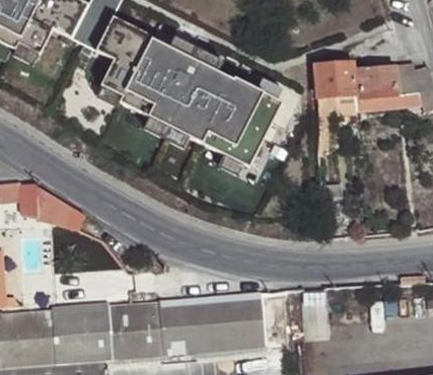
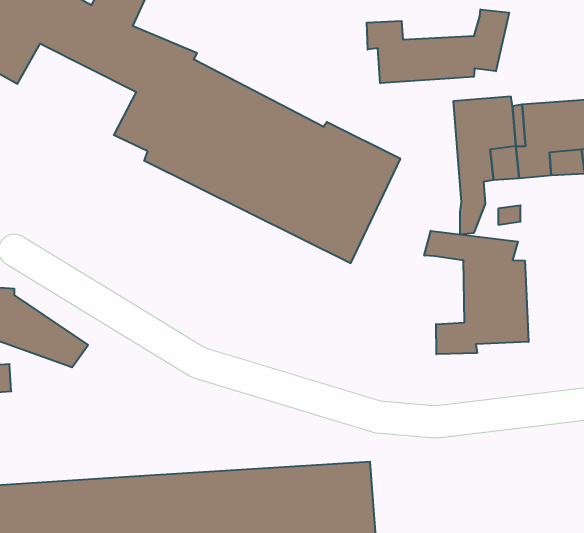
building: none -> [367,9,509,83]
building: none -> [424,231,528,354]

